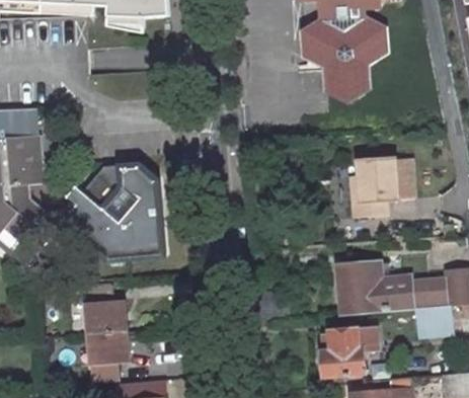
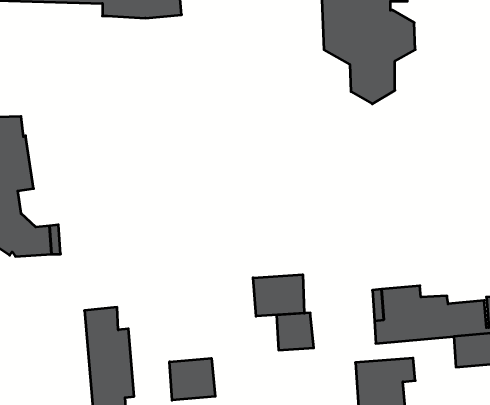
building: [345,158,411,215] -> none
building: [67,164,162,257] -> none
building: none -> [253,275,304,316]
building: none -> [170,358,215,400]

